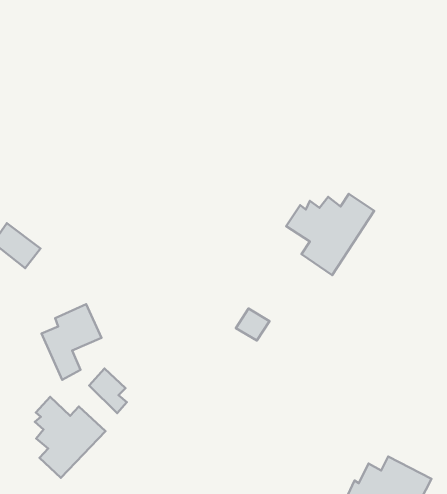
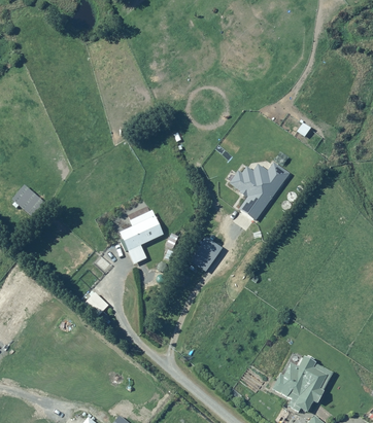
building: [41,304,101,380] -> [118,209,163,265]
building: [35,397,106,478] -> none

